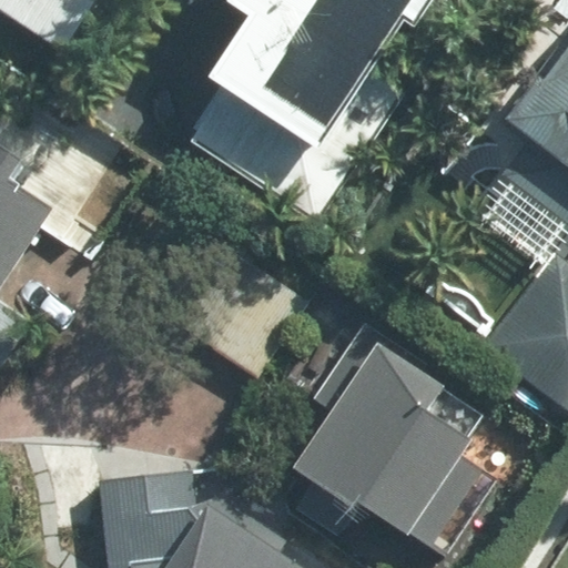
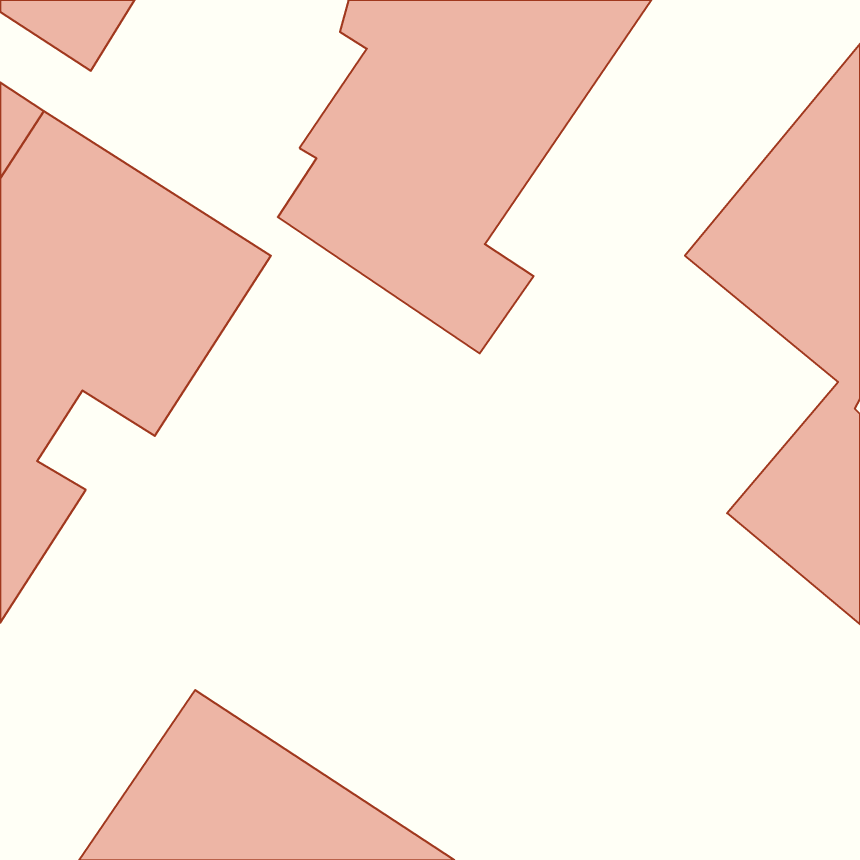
building: [288,337,499,554] -> none

